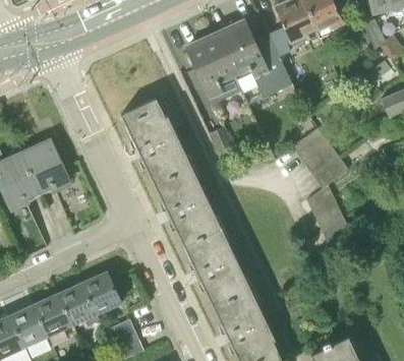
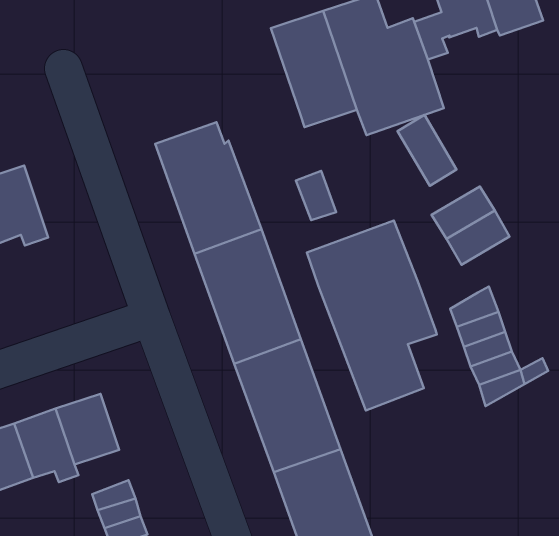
building: none -> [398,115,457,186]
building: none -> [307,220,437,411]
building: [310,155,347,188] -> none

